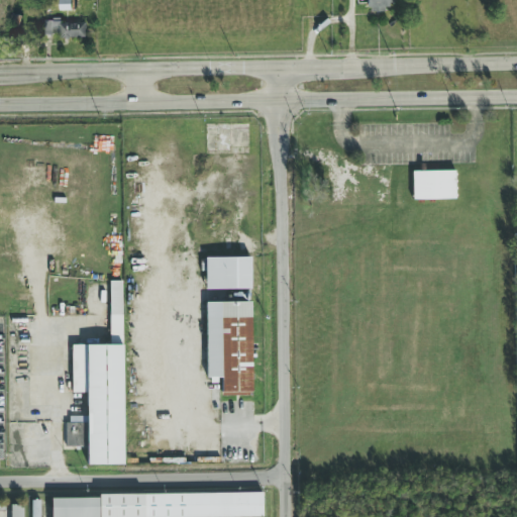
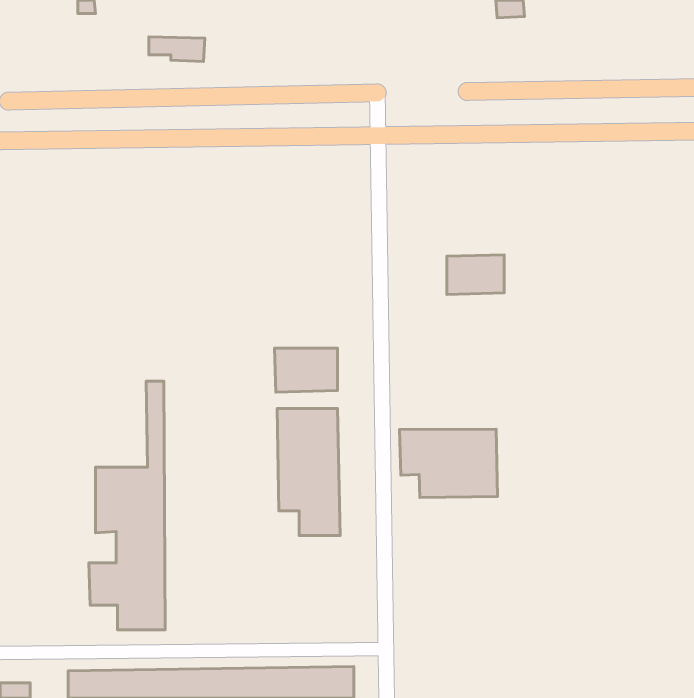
building: [46,20,88,38] -> [149,37,205,62]
building: [415,171,457,200] -> [447,255,504,294]
building: none -> [400,429,498,497]

